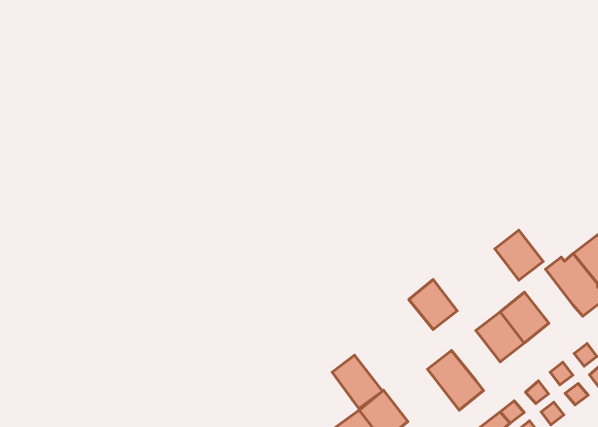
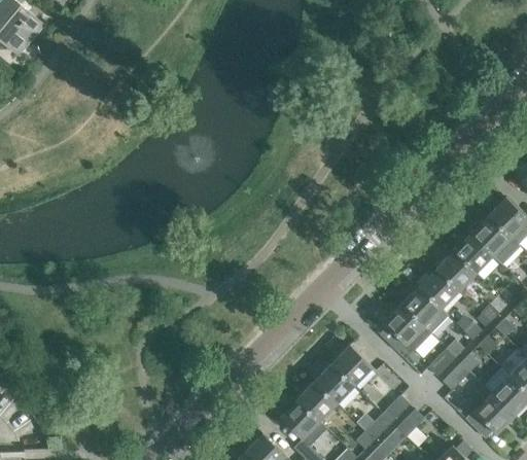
building: [495,230,543,280] -> [453,234,493,274]
building: [409,280,457,330] -> [400,287,441,327]
building: [332,355,382,408] -> none

